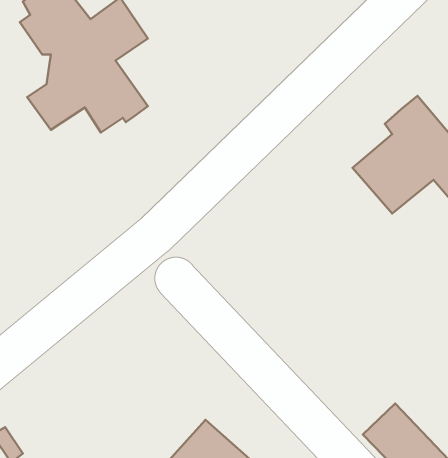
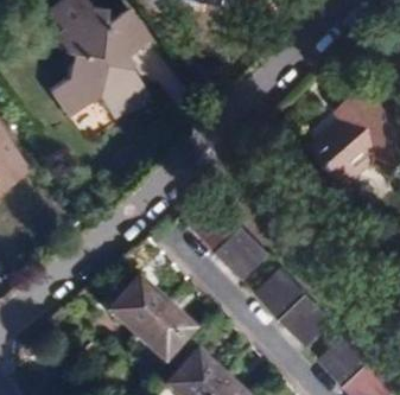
building: none -> [192,202,267,276]
building: none -> [256,268,331,344]
building: none -> [104,275,191,359]

